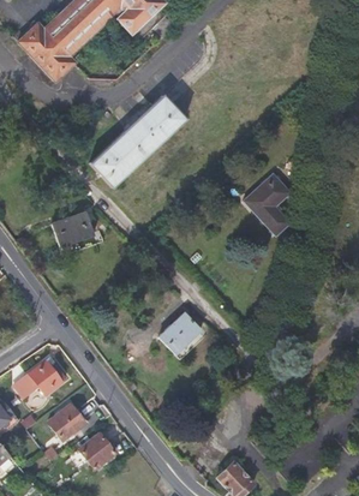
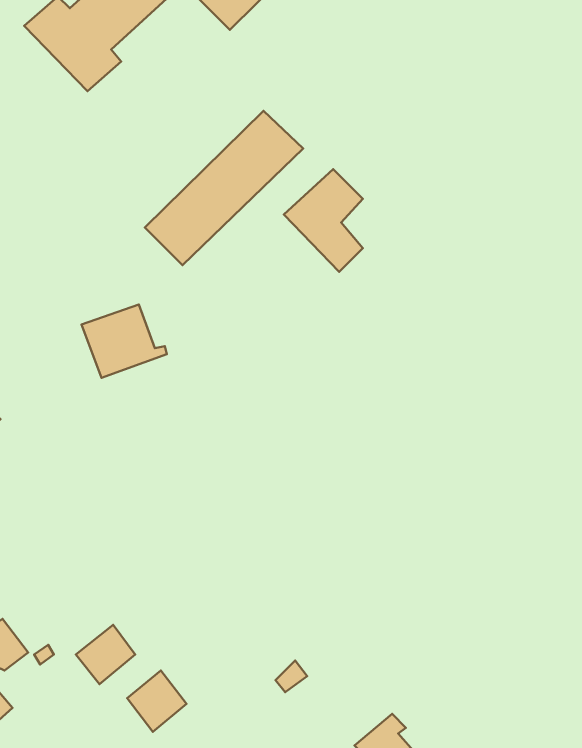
building: [243,174,291,237] -> [284,169,363,272]
building: [160,311,202,353] -> none
building: [13,361,66,398] -> none

